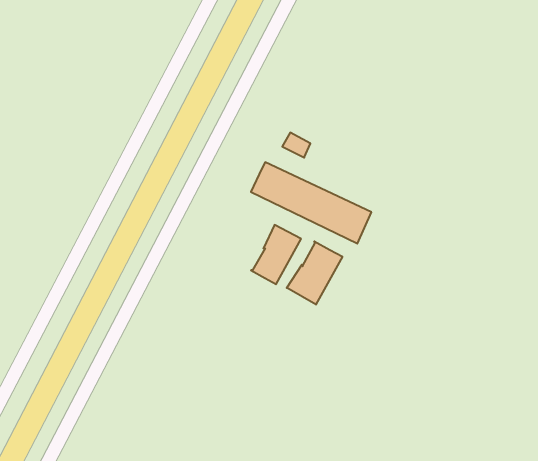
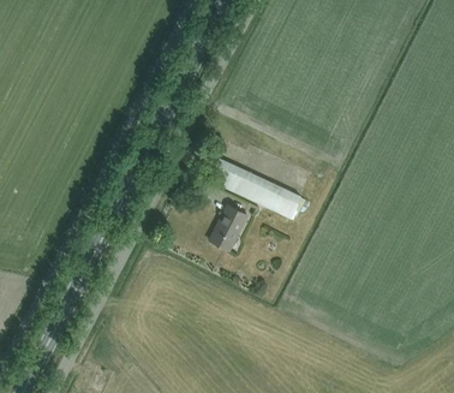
building: [287,241,342,305] -> none

